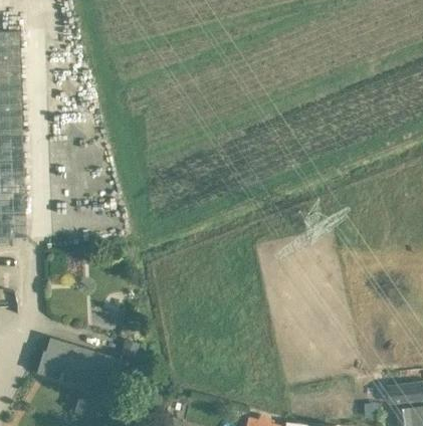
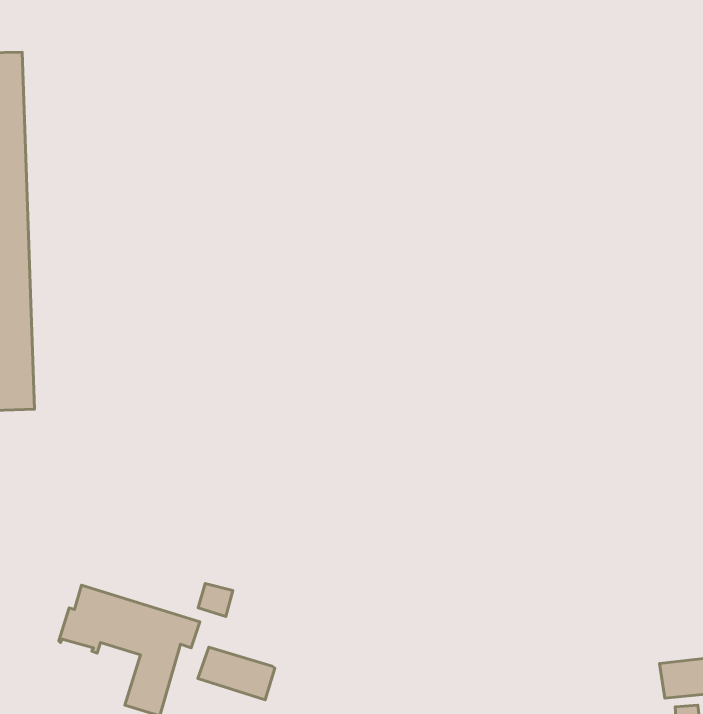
building: none -> [198,647,275,700]

